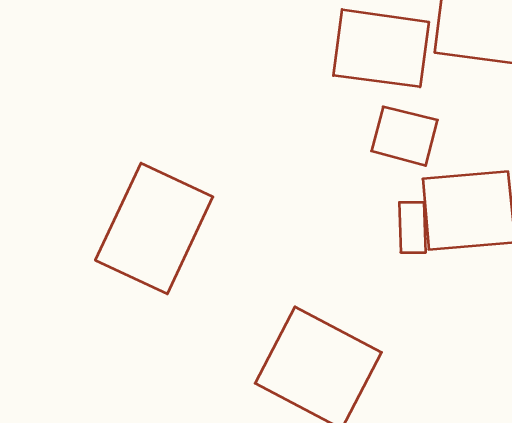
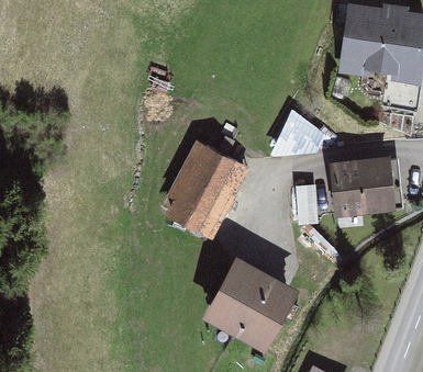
building: [333,9,429,87] -> none
building: [95,163,213,294] -> [165,143,253,240]

